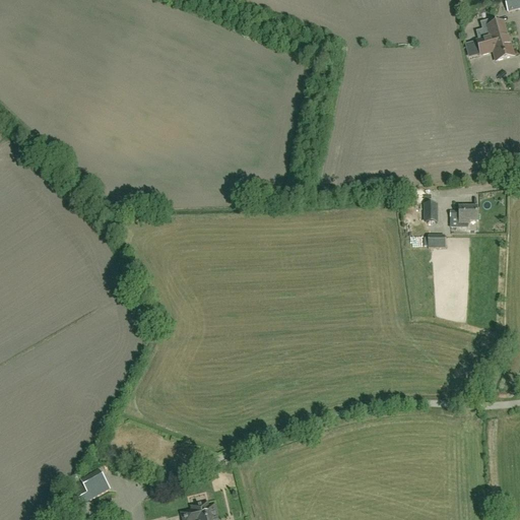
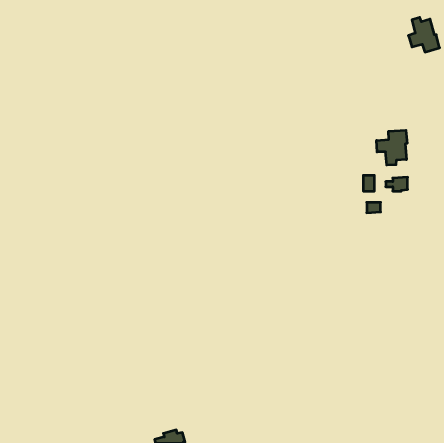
building: none -> [377,130,407,165]
building: [75,471,110,505] -> none

